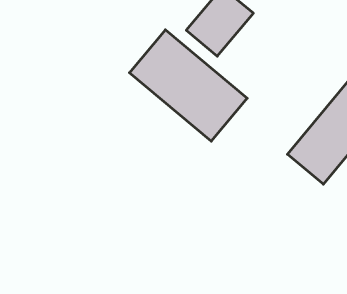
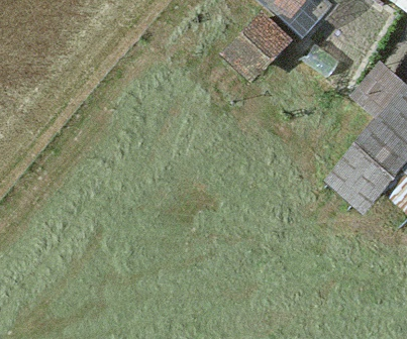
building: [129,30,247,141] -> none

